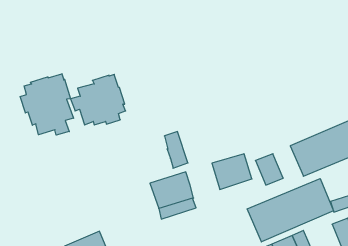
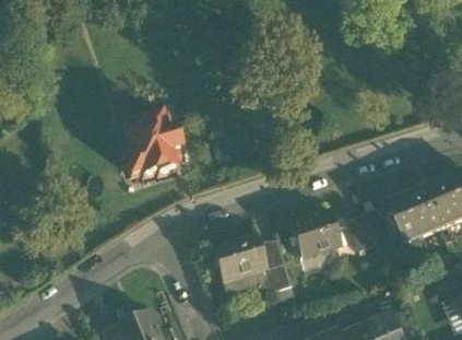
building: [20,74,74,135] -> none
building: [164,132,188,168] -> [262,246,292,292]
building: [247,179,333,242] -> none

